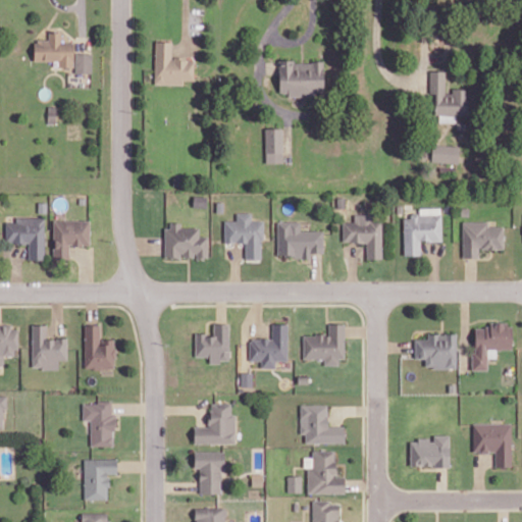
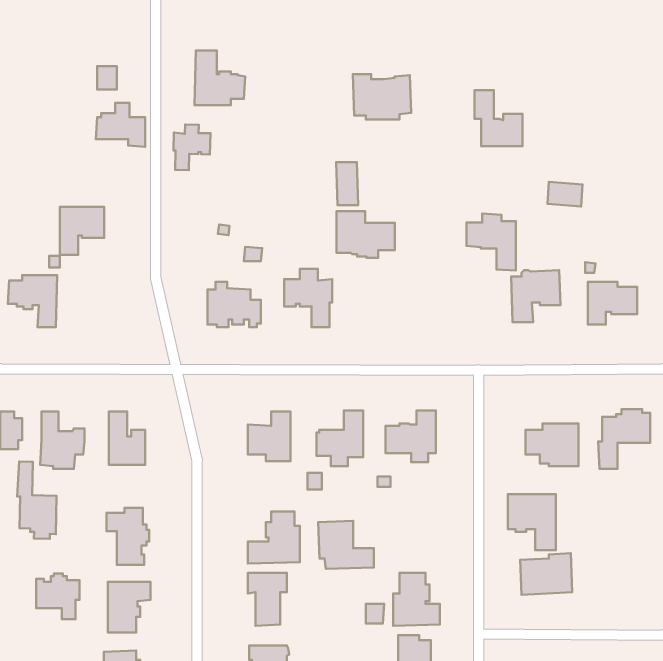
building: [35,32,73,66] -> [96,103,145,147]
building: [428,71,466,115] -> [475,90,523,146]
building: none -> [174,125,210,170]
building: [342,215,380,260] -> [467,213,516,271]
building: [55,221,90,259] -> [60,207,104,255]
building: [276,222,322,259] -> [336,211,395,258]
building: none -> [17,462,57,539]
building: [301,405,345,442] -> [318,521,374,569]
building: [472,424,510,468] -> [508,494,556,550]
building: none -> [36,573,80,619]

